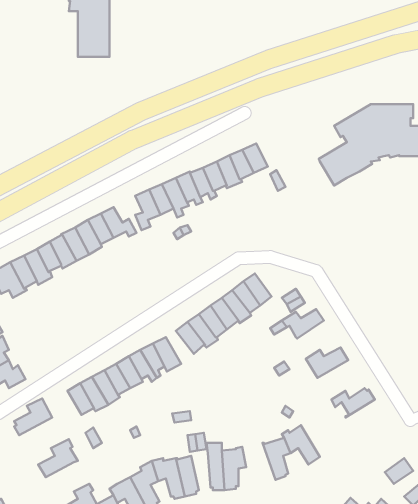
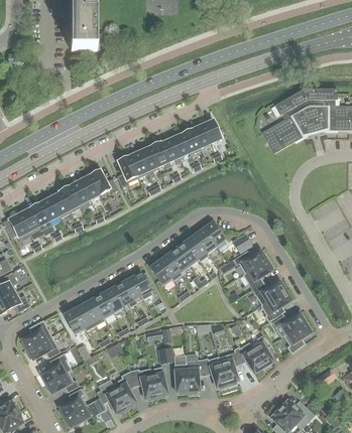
building: none -> [242,259,272,289]
building: none -> [260,290,291,321]
building: none -> [283,321,312,352]
building: none -> [248,333,273,367]
building: none -> [25,335,61,358]
building: none -> [202,355,228,388]
building: none -> [46,371,79,393]

